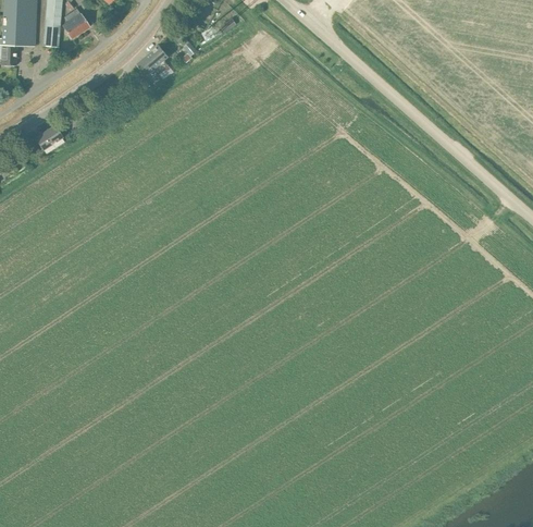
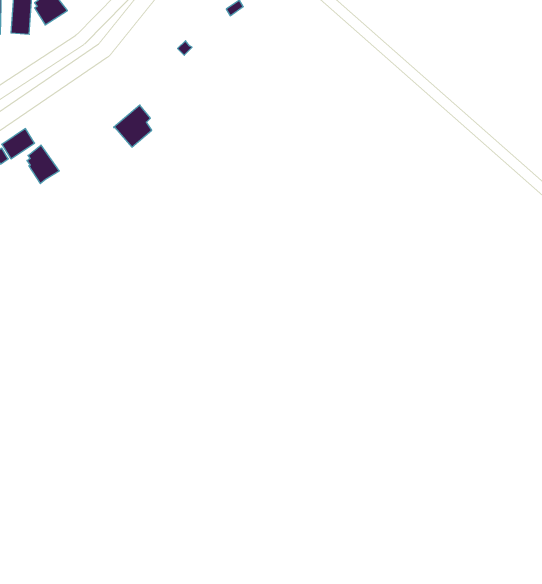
building: [138,45,170,79] -> [114,105,152,147]
building: none -> [27,145,59,184]

